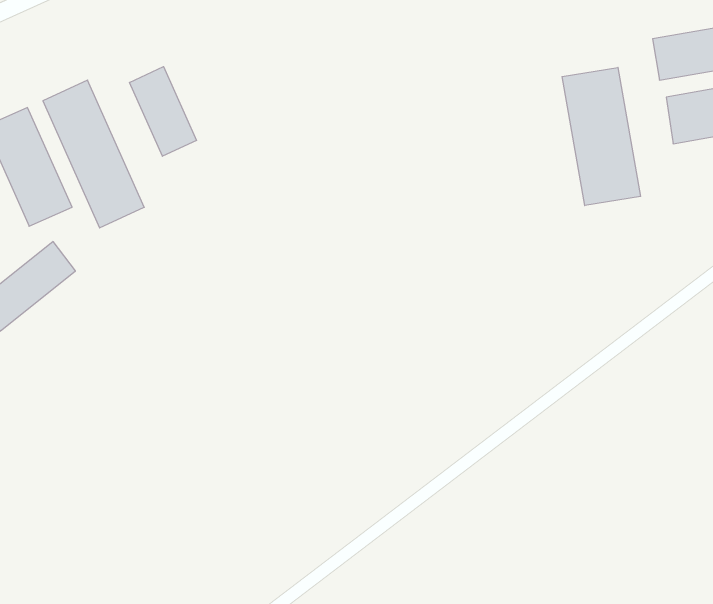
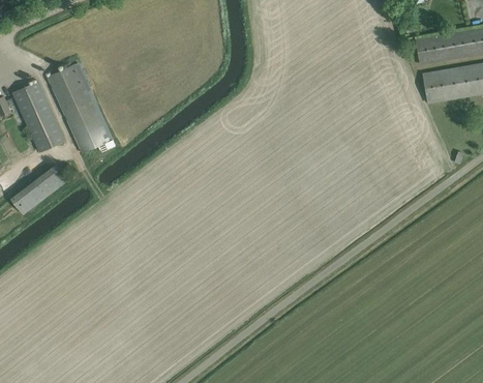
building: [130,67,196,156] -> none
building: [562,67,641,206] -> none

